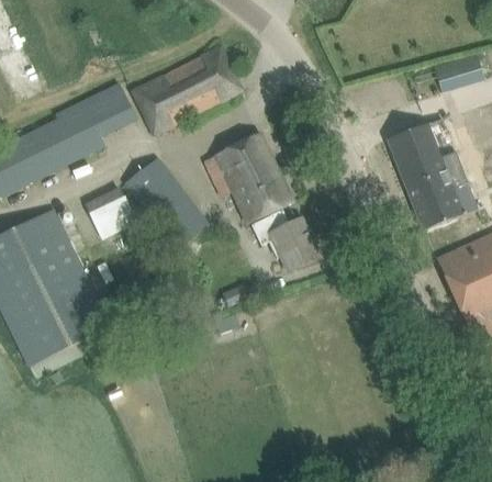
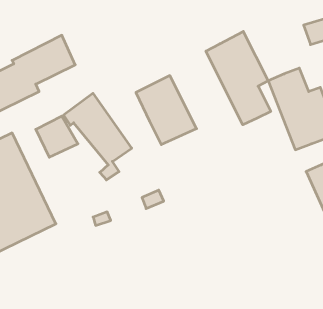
building: [132,46,242,132] -> none
building: none -> [206,31,271,125]
building: [251,209,321,271] -> none

